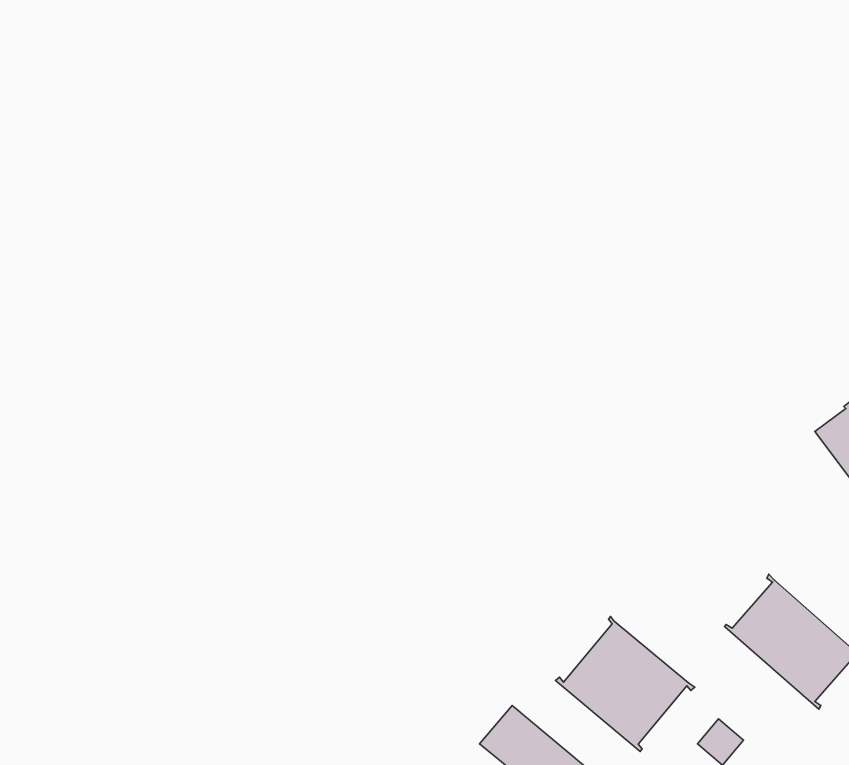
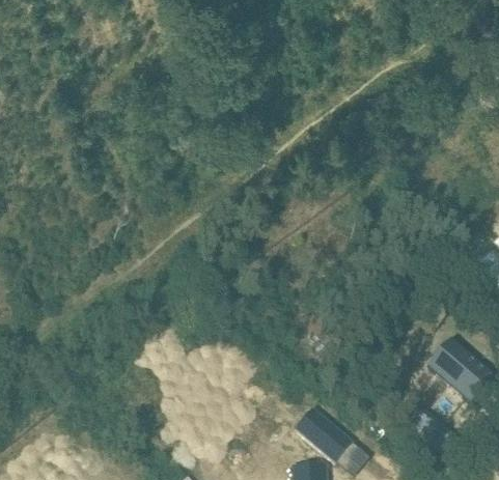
building: [556,617,695,751] -> none

